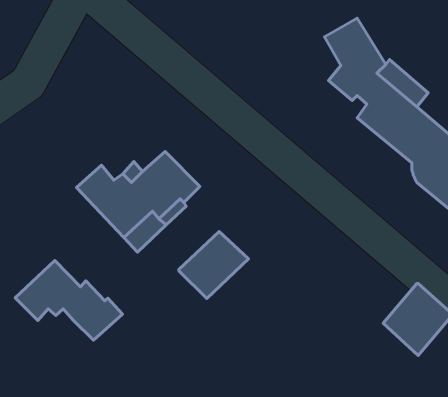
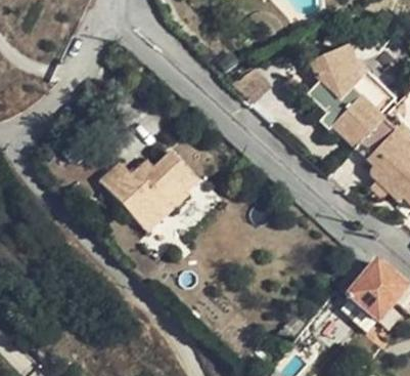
building: [179,231,248,298] -> none
building: [15,260,123,340] -> none

